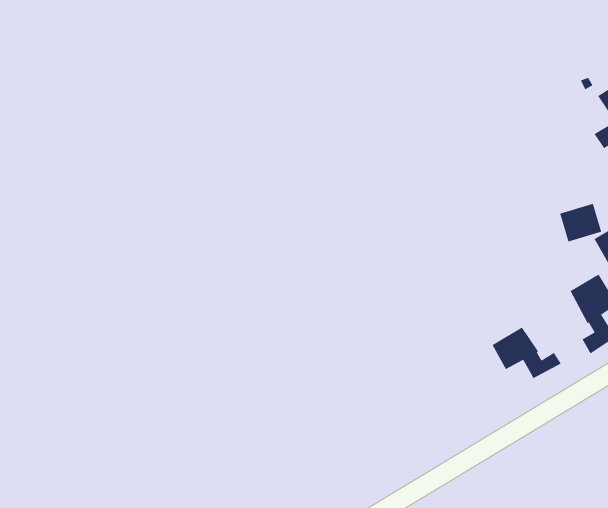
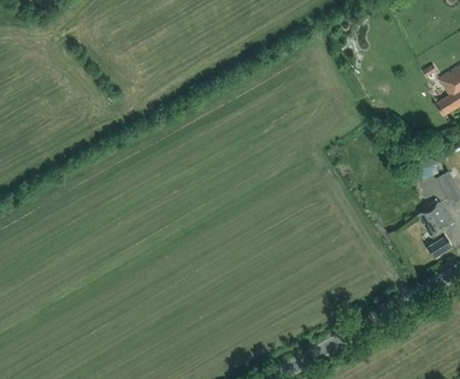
building: [491,327,562,379] -> none

